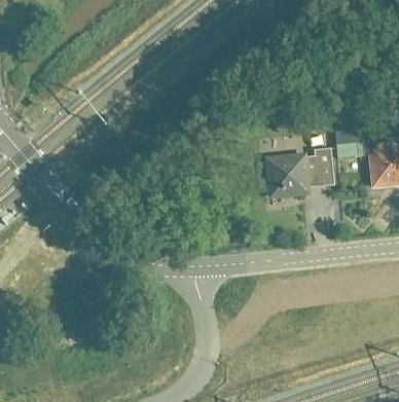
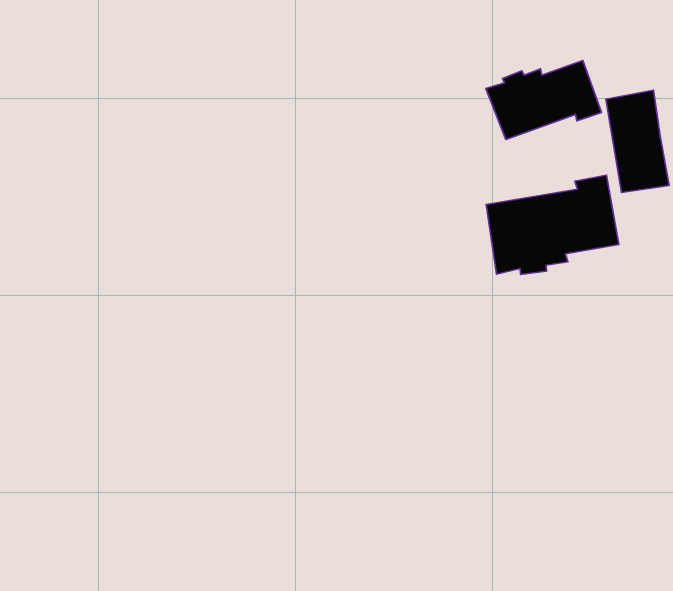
building: none -> [486,61,601,140]

